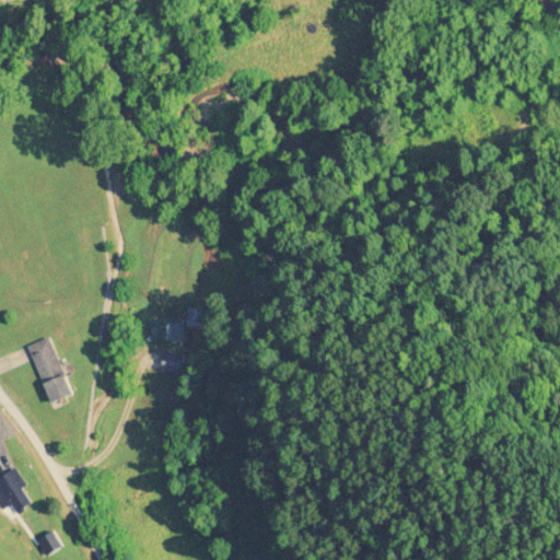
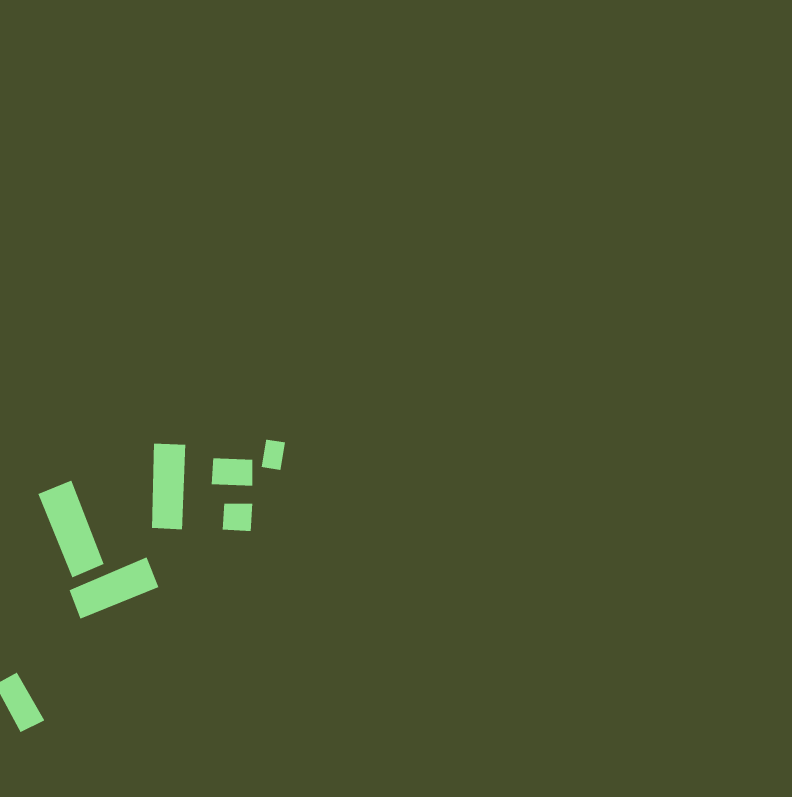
building: none -> [151,443,186,530]
building: none -> [69,557,159,620]

